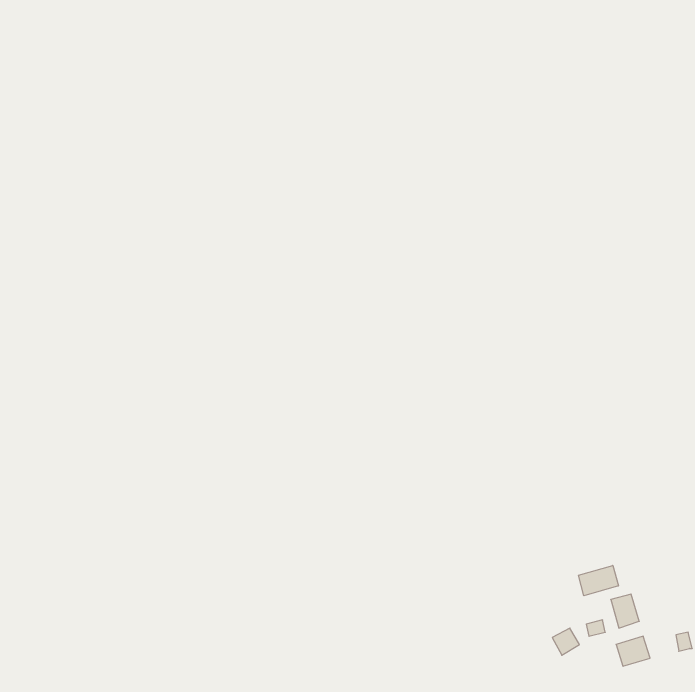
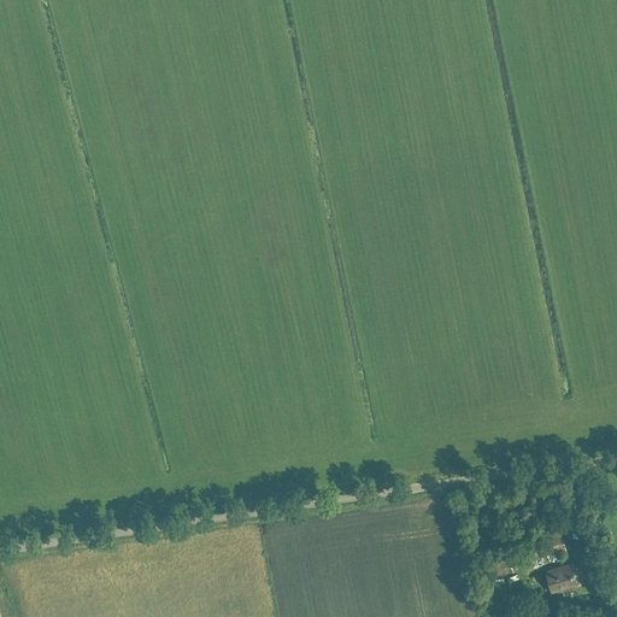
building: [578,565,618,596] -> none

